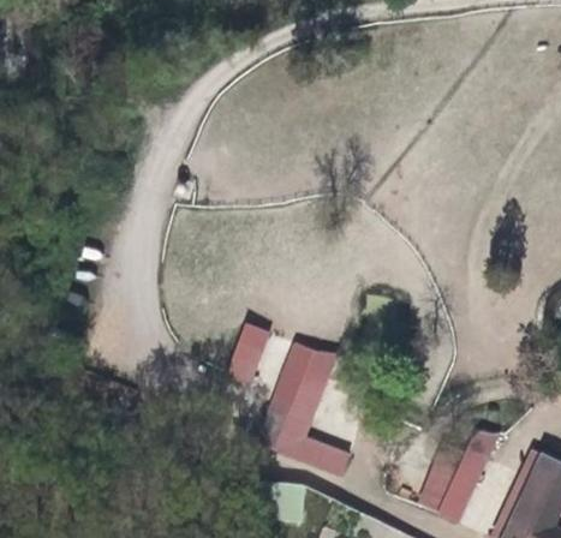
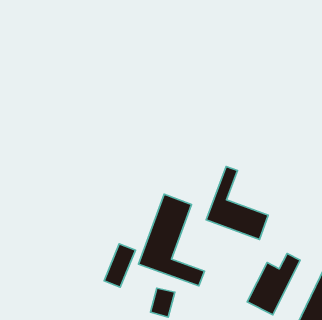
building: none -> [206,167,268,239]
building: [223,324,270,389] -> [104,244,135,287]

